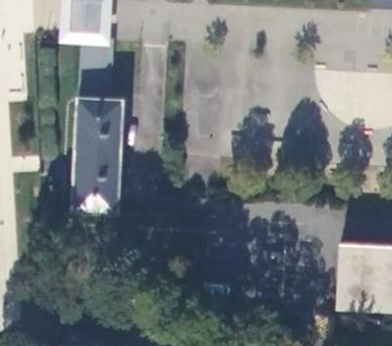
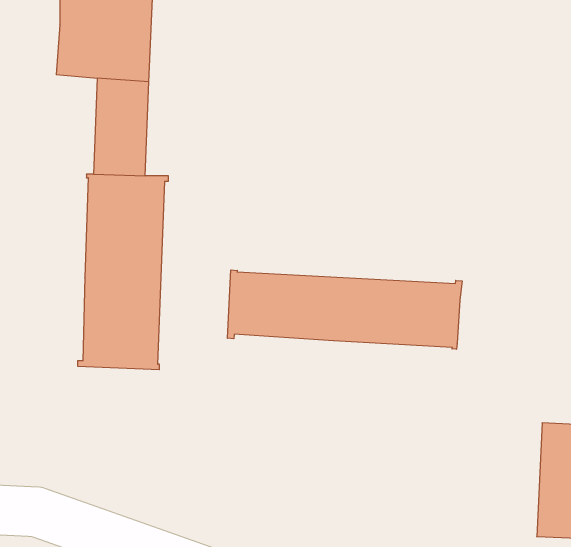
building: none -> [227,270,462,349]

